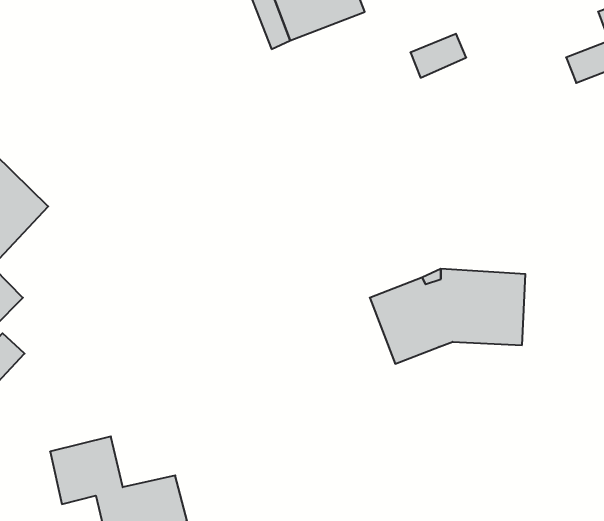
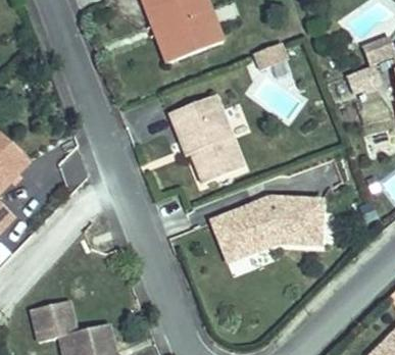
building: none -> [170,95,244,183]

